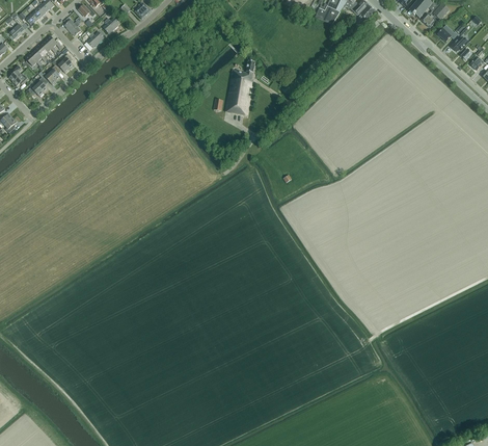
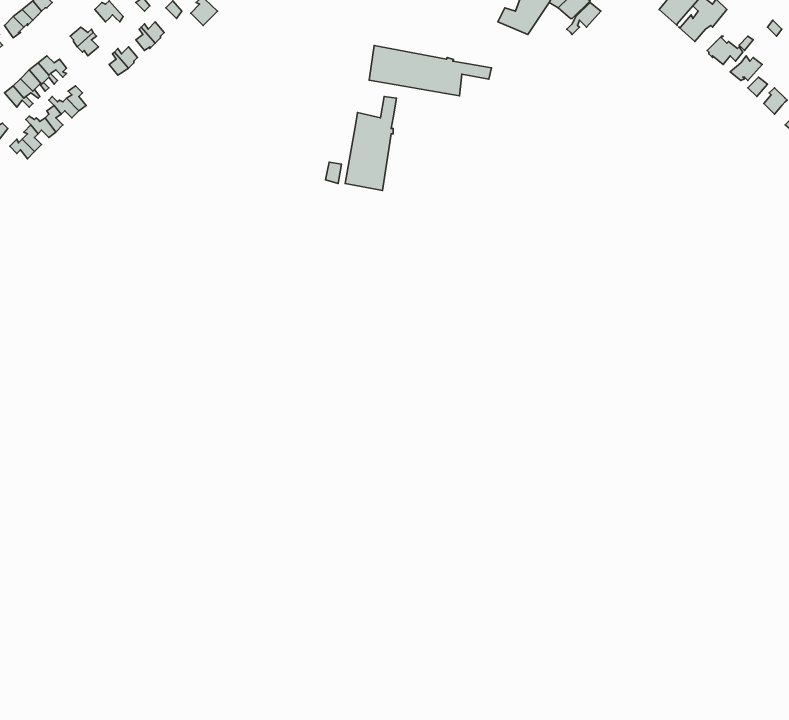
building: none -> [369,46,491,96]

